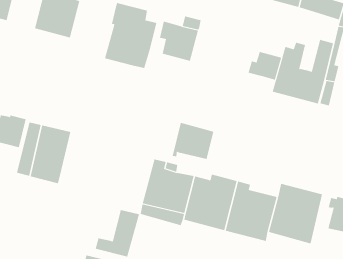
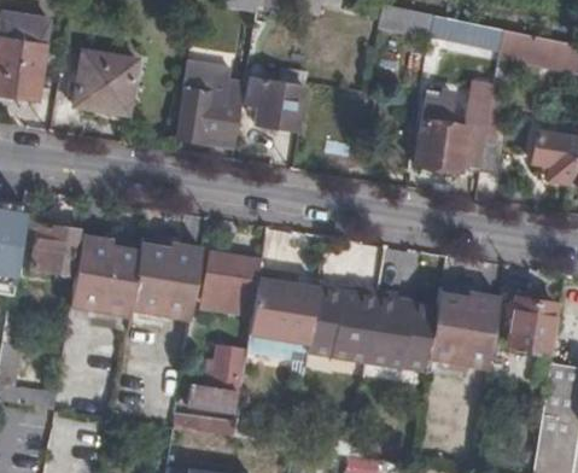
building: [248,51,282,81] -> none
building: [172,122,214,160] -> [205,252,261,300]
building: none -> [132,239,203,320]

